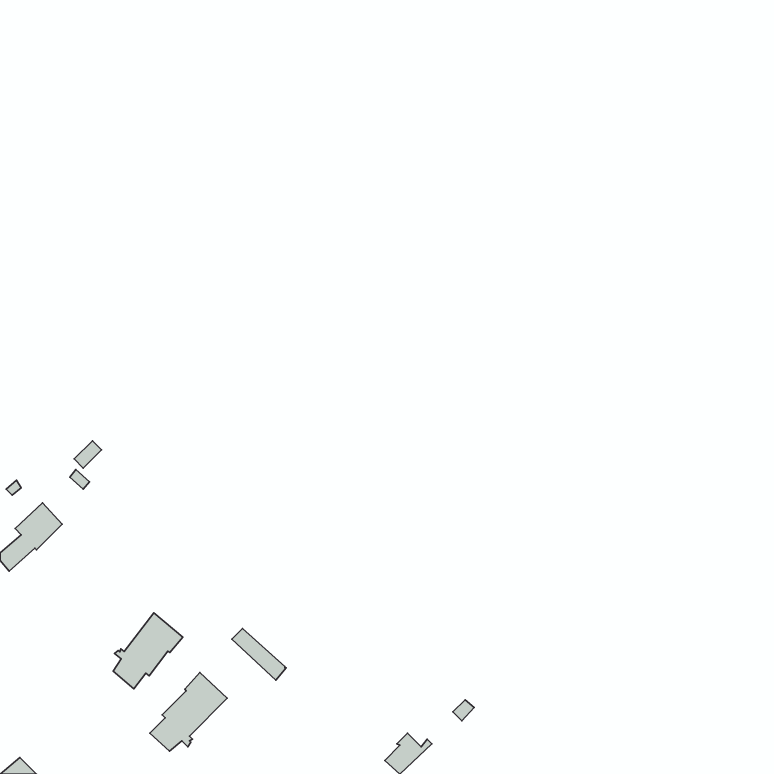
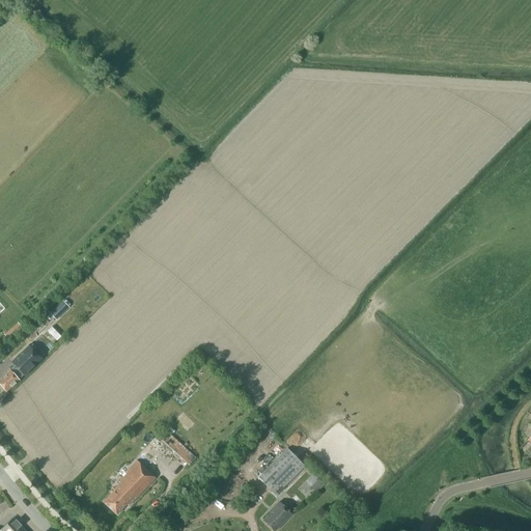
building: [113,613,183,689] -> none
building: none -> [257,448,305,496]

